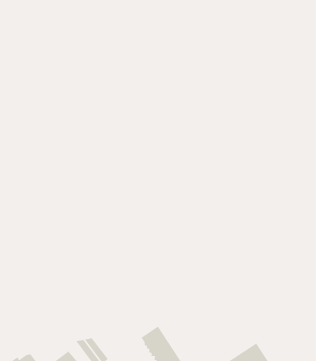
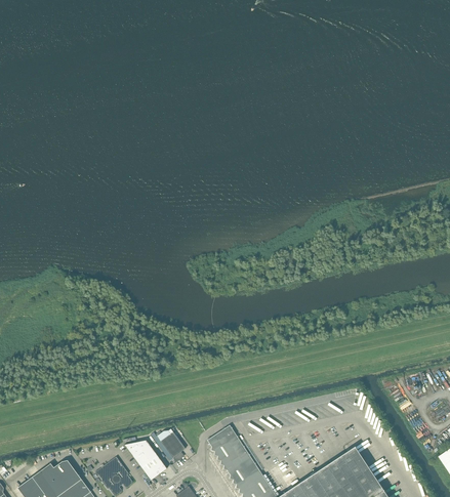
building: none -> [151,430,186,462]

